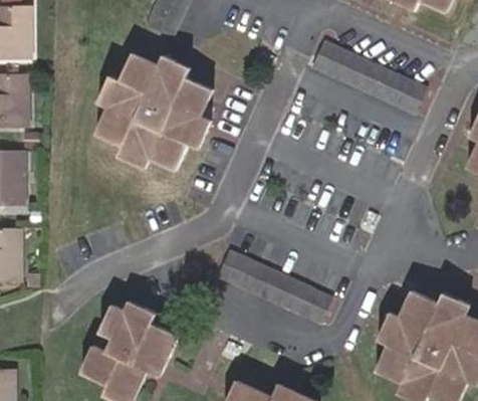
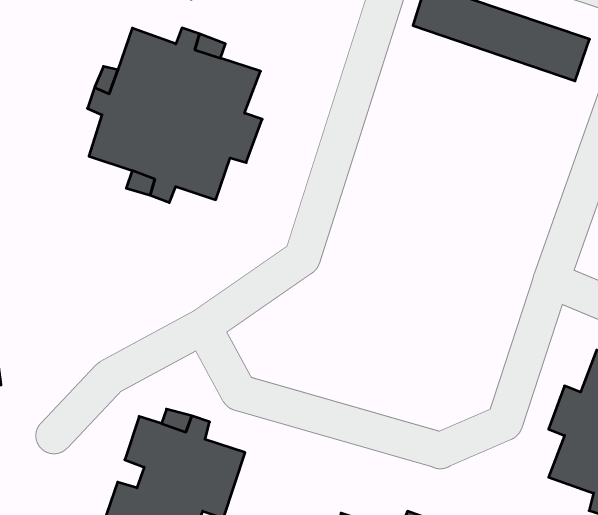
building: [217,251,331,325] -> none

